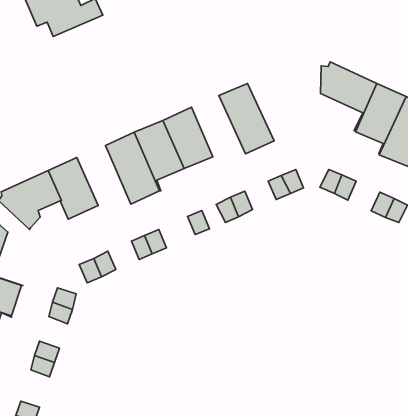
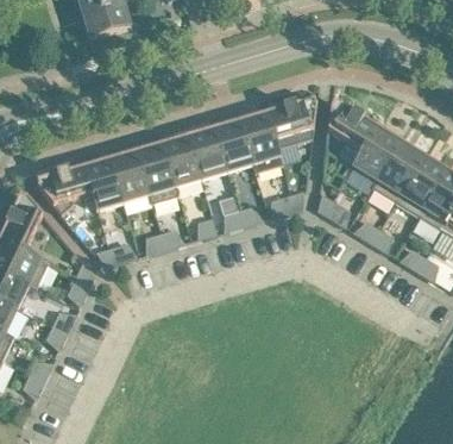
building: none -> [265,99,316,164]
building: none -> [214,119,256,173]
building: none -> [109,150,151,204]

